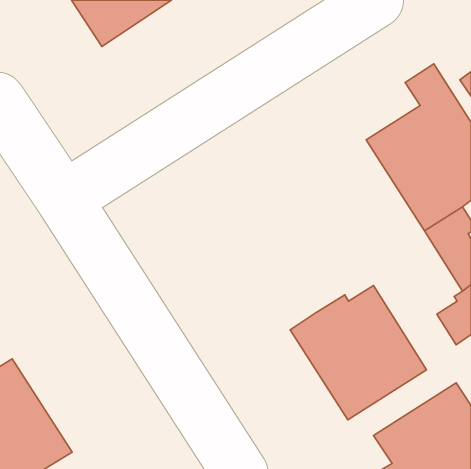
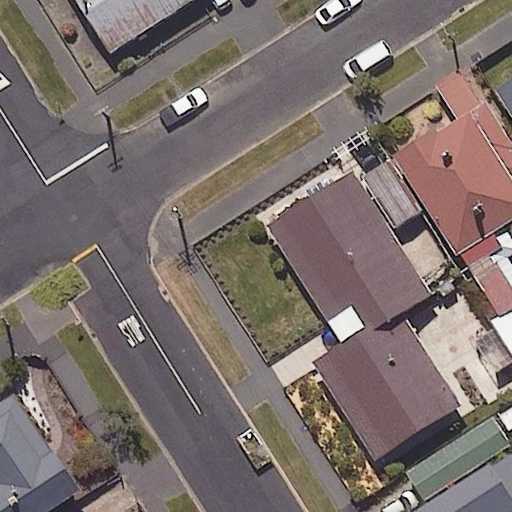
building: none -> [265,134,450,343]

